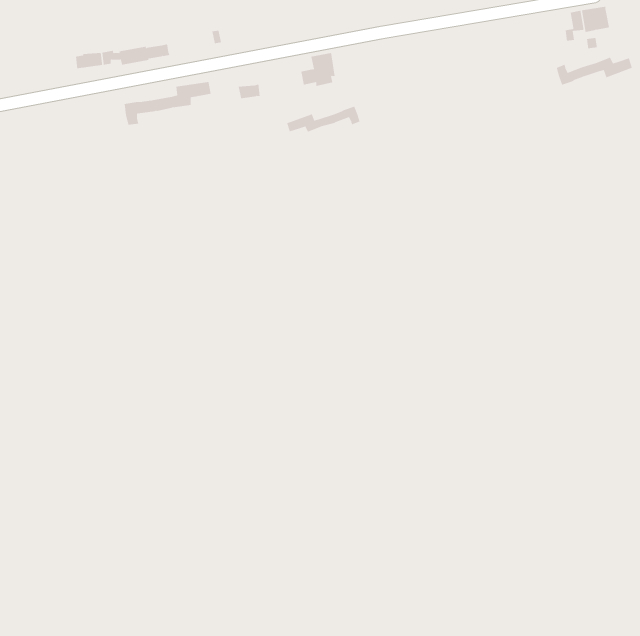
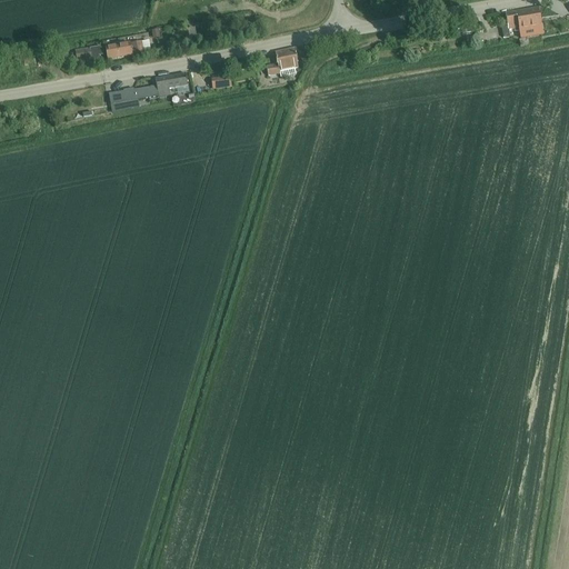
building: [556,57,632,85] -> none
building: [287,106,360,132] -> none

